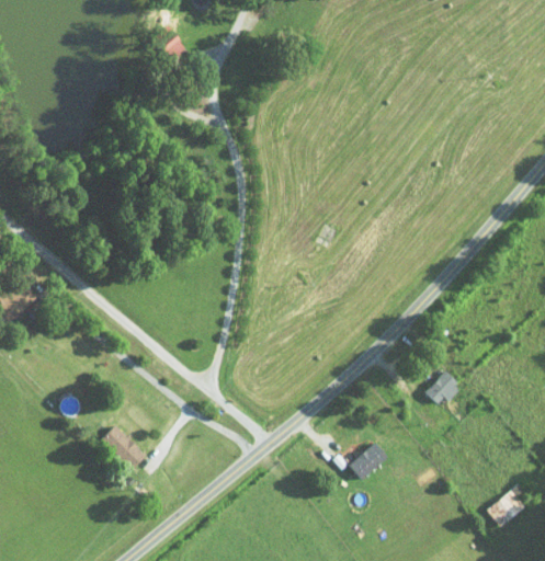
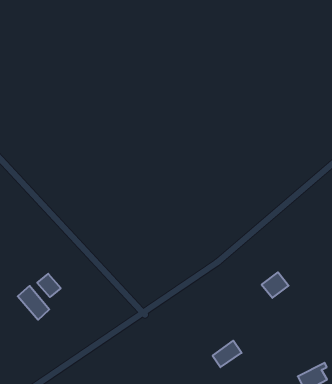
building: none -> [37,274,61,297]
building: [349,442,387,479] -> [213,341,242,367]

